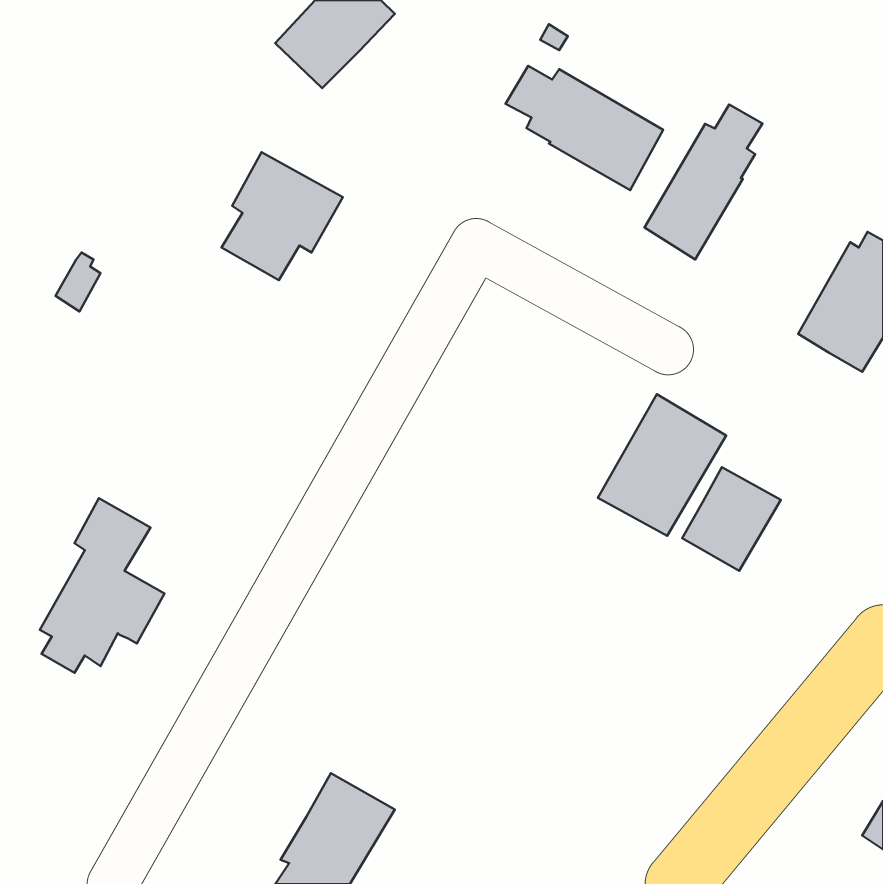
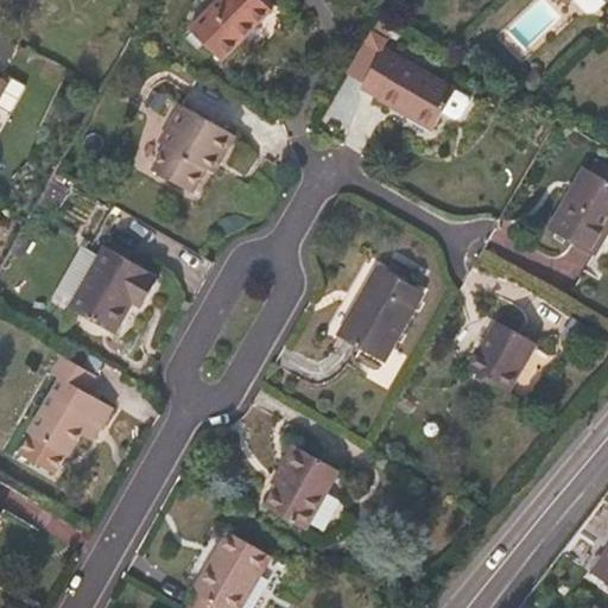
building: [645,104,763,260] -> none
building: none -> [69,246,156,334]
building: [598,394,726,536] -> [336,265,424,362]
building: none -> [265,445,338,530]

